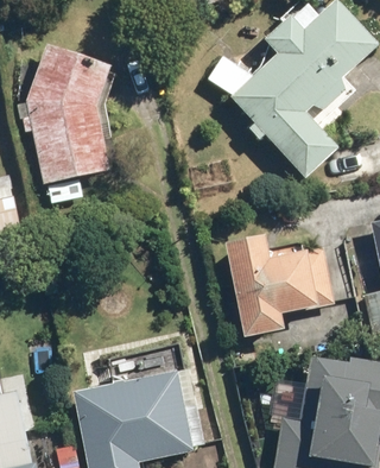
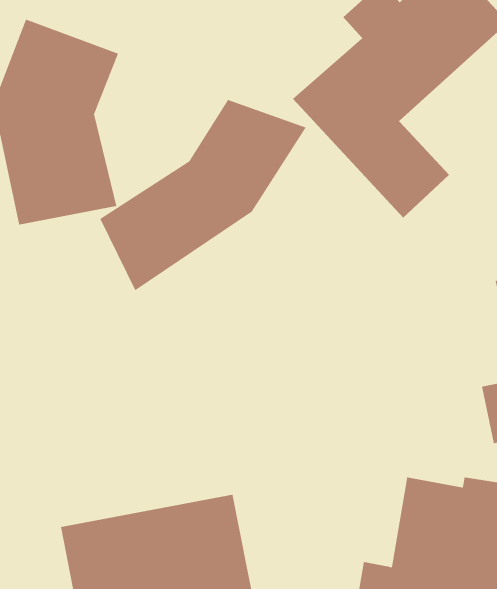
building: none -> [99,99,307,291]
building: [226,235,332,337] -> none

